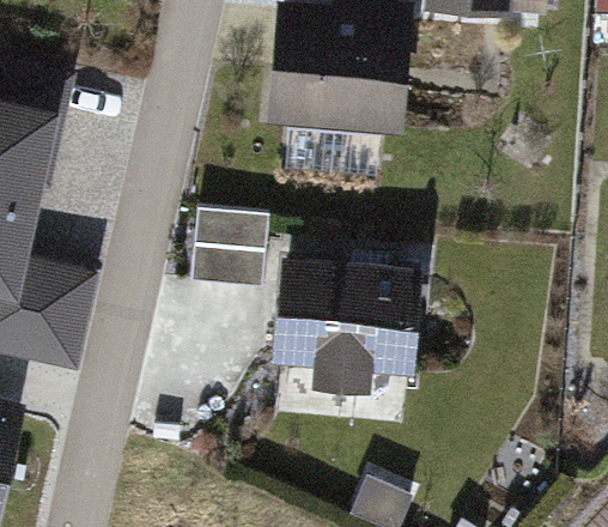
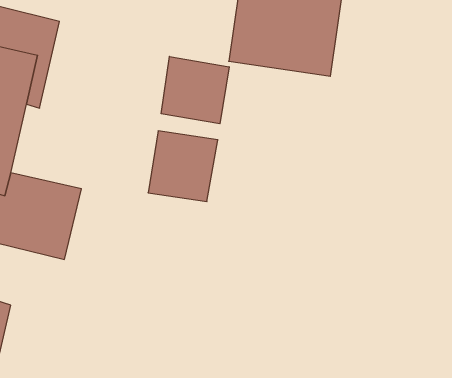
building: none -> [161,56,229,124]
building: [259,244,414,399] -> none

